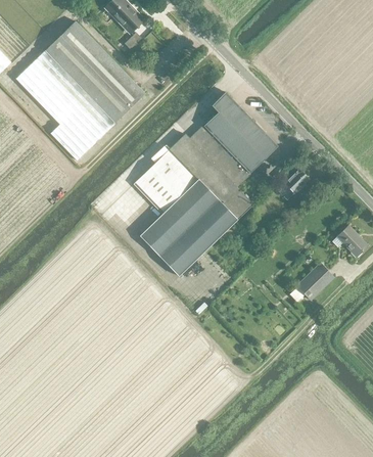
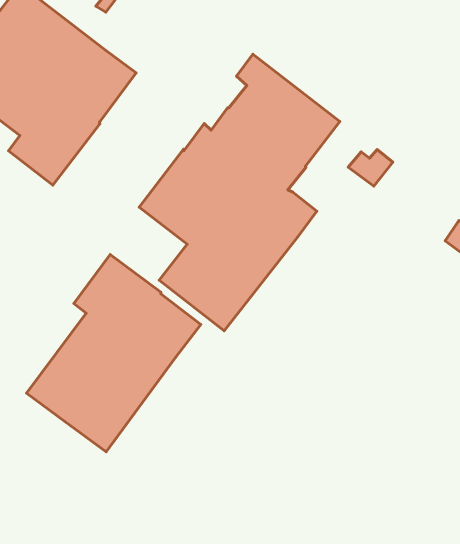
building: none -> [26,254,201,452]
building: [289,263,334,302] -> none

